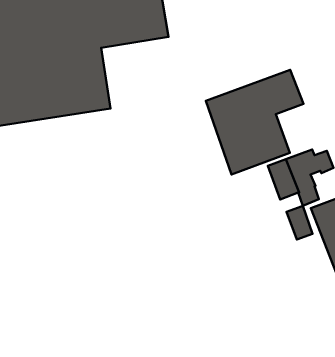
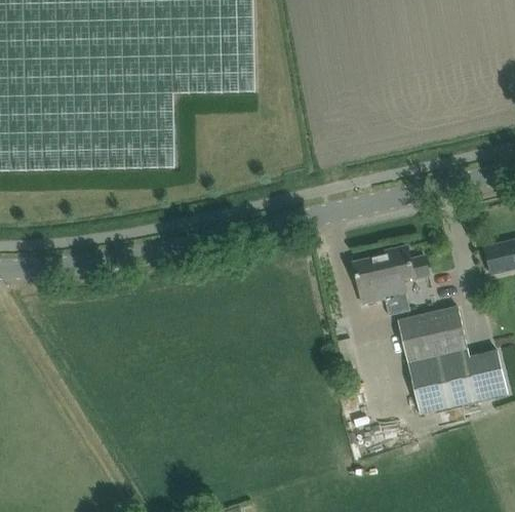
building: [206,70,303,175] -> none
building: [286,206,312,240] -> none

